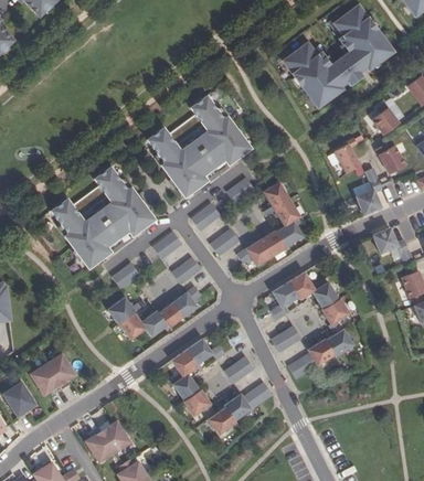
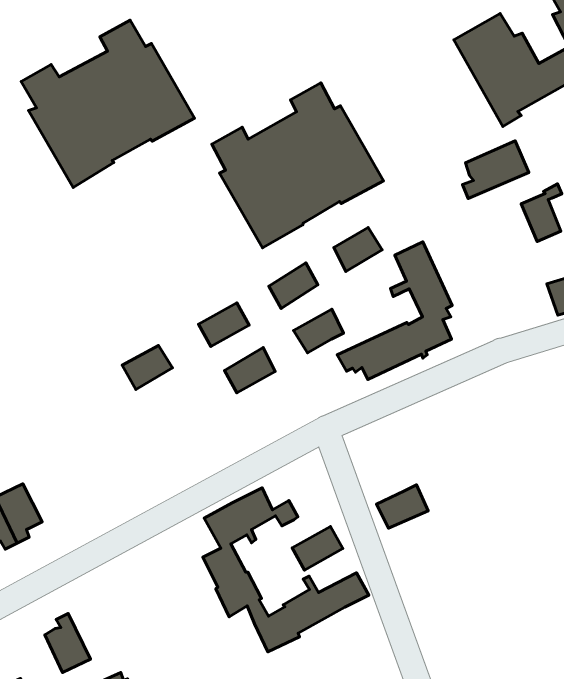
building: none -> [462,141,529,198]
building: [51,167,156,269] -> [21,20,194,187]
building: [271,272,353,380] -> none
building: [108,286,202,340] -> none
building: [98,421,131,452] -> none

